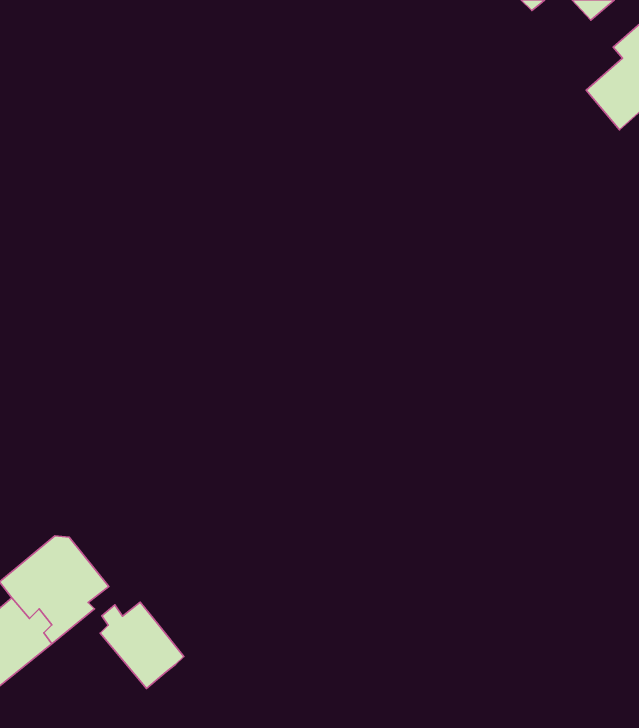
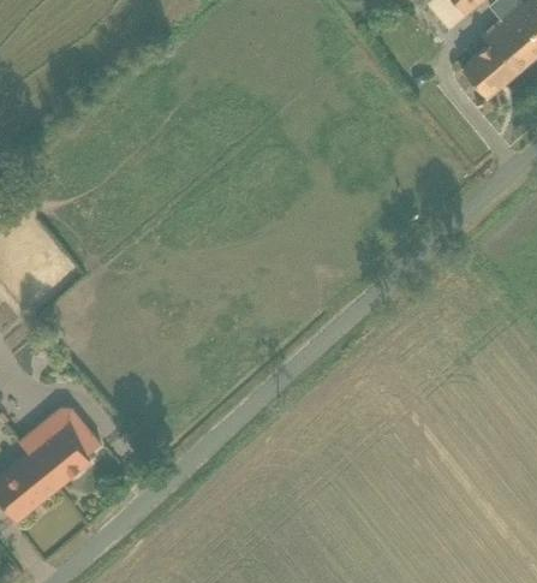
building: [100,602,184,688] -> none

